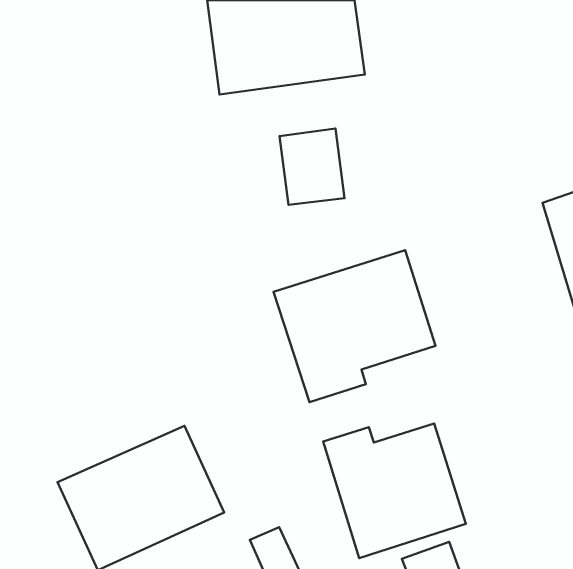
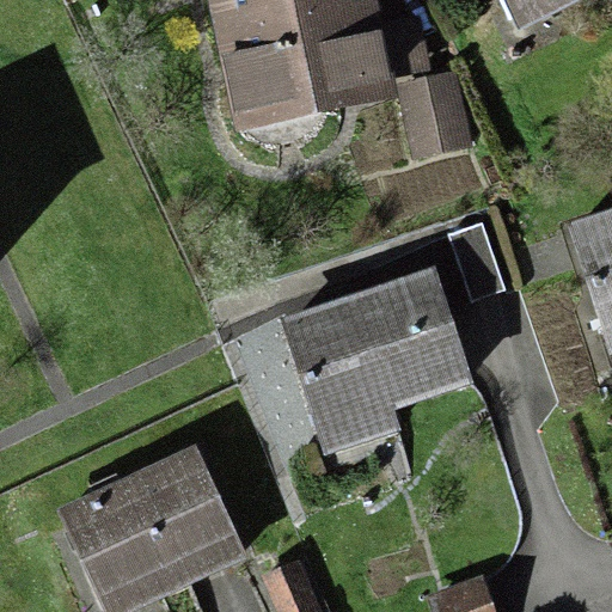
building: [279,128,345,205] -> [399,78,469,159]
building: [323,423,466,558] -> none

